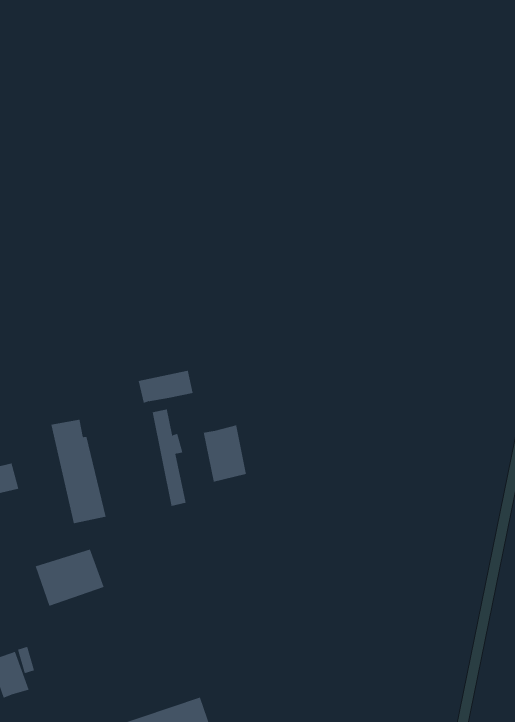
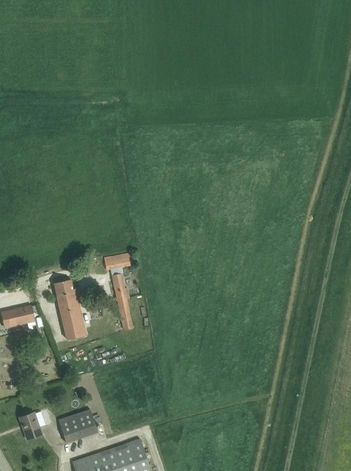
building: [203,424,247,482] -> none
building: [35,549,105,606] -> [57,409,97,442]

